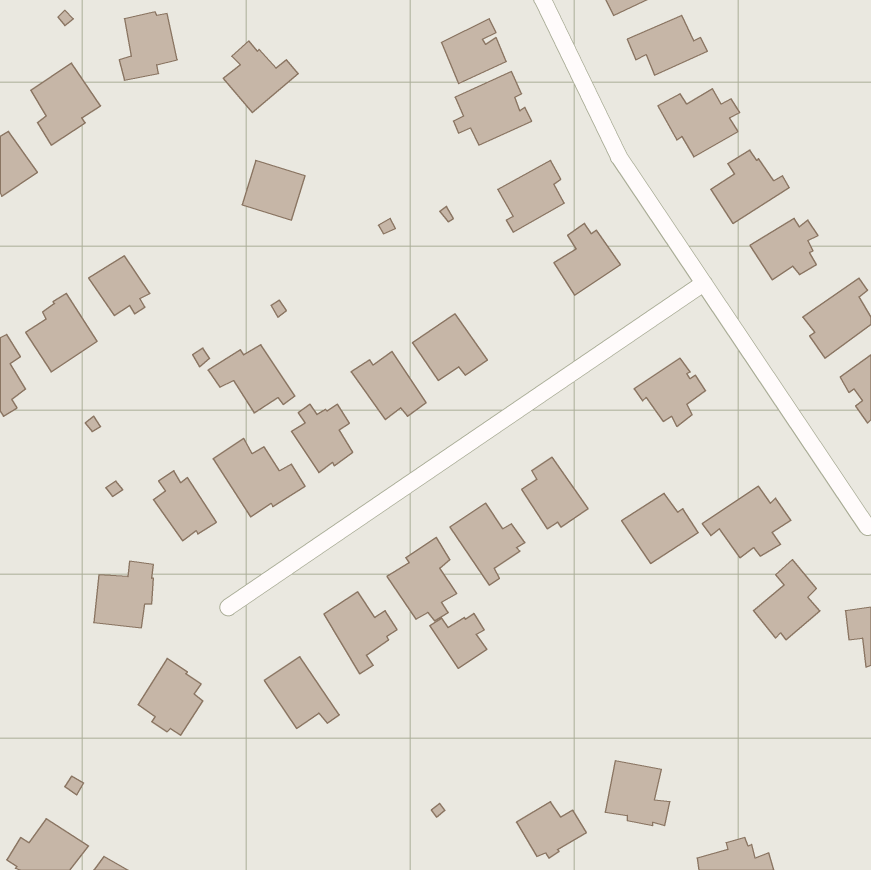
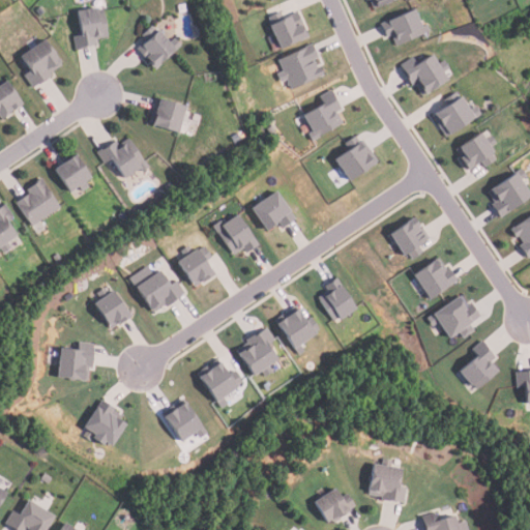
building: [208,345,295,413] -> [96,136,149,177]
building: [622,493,698,563] -> [412,258,459,300]
building: [430,613,487,668] -> none

